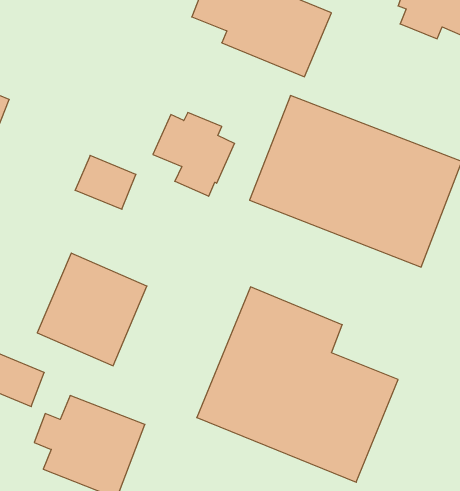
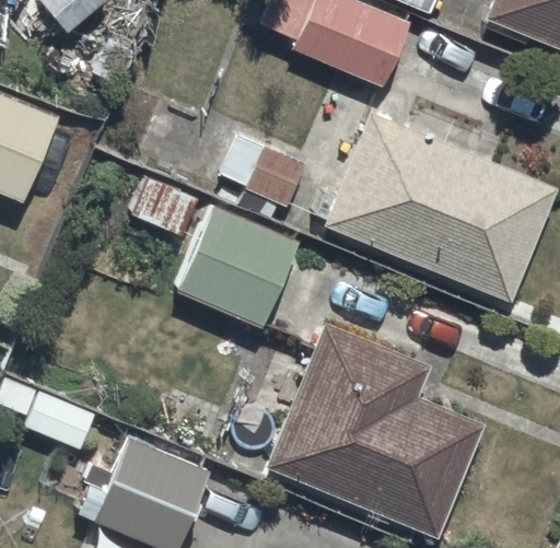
building: [37,253,147,366] -> [177,203,298,327]

